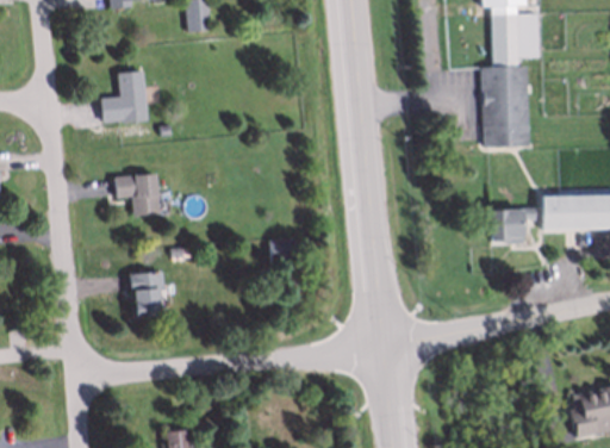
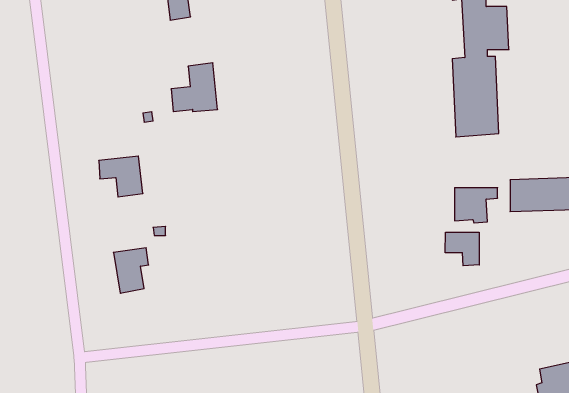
building: [99,70,148,122] -> [171,63,218,112]
building: none -> [445,232,479,266]

